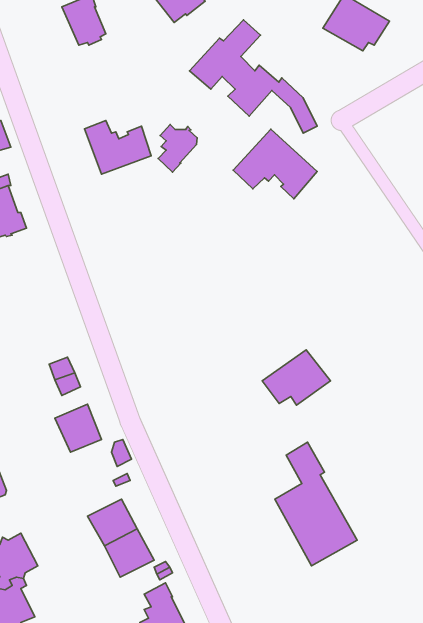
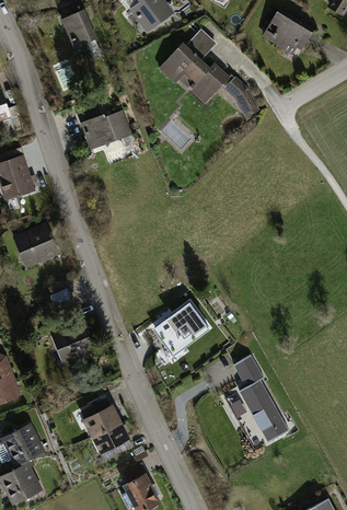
building: [158,125,197,172] -> none
building: [233,129,317,199] -> none
building: none -> [18,225,56,263]
building: [262,350,330,405] -> [154,304,207,347]

